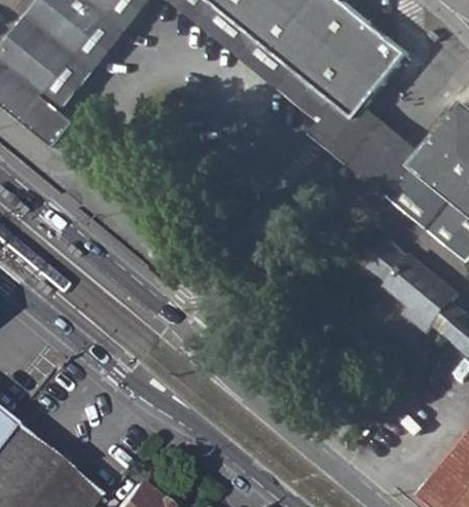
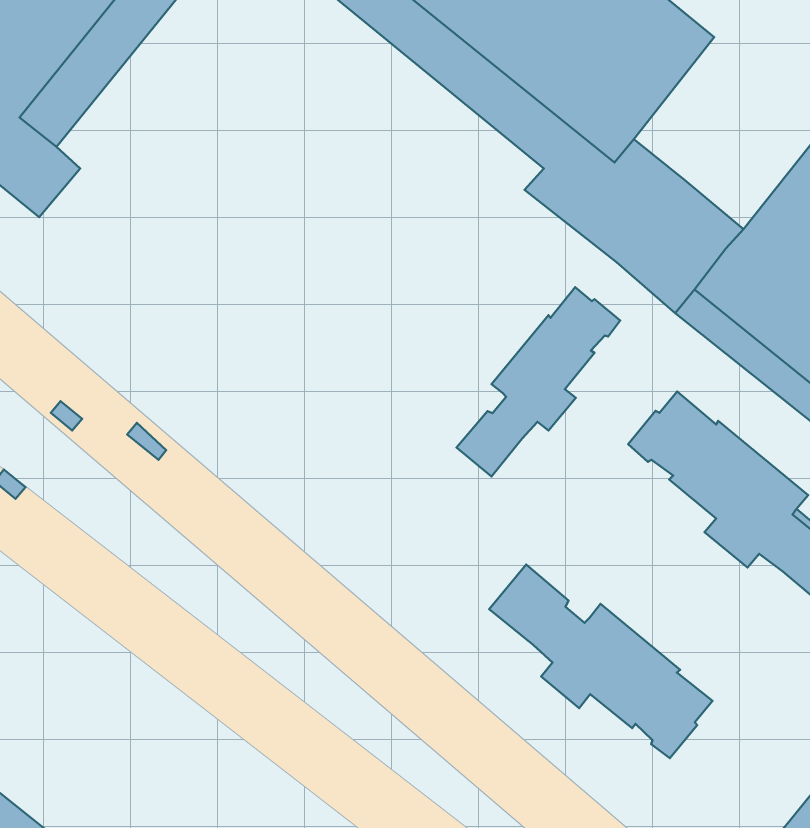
building: none -> [456,287,620,477]
building: none -> [489,565,713,758]

